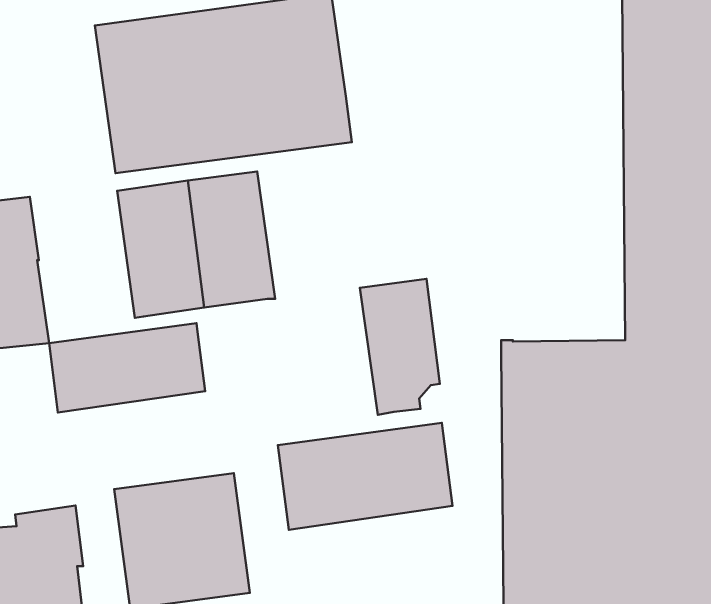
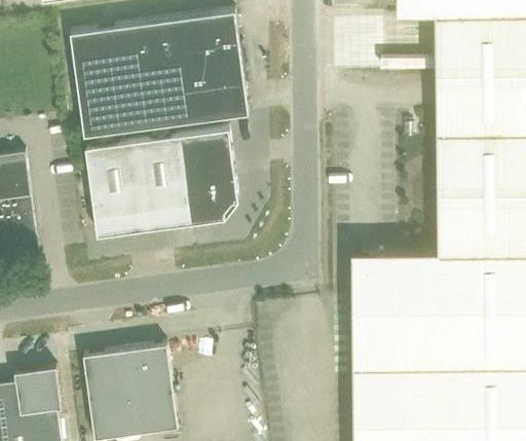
building: [360,279,440,415] -> [183,130,238,224]
building: [49,323,205,413] -> none
building: [278,423,452,530] -> none

